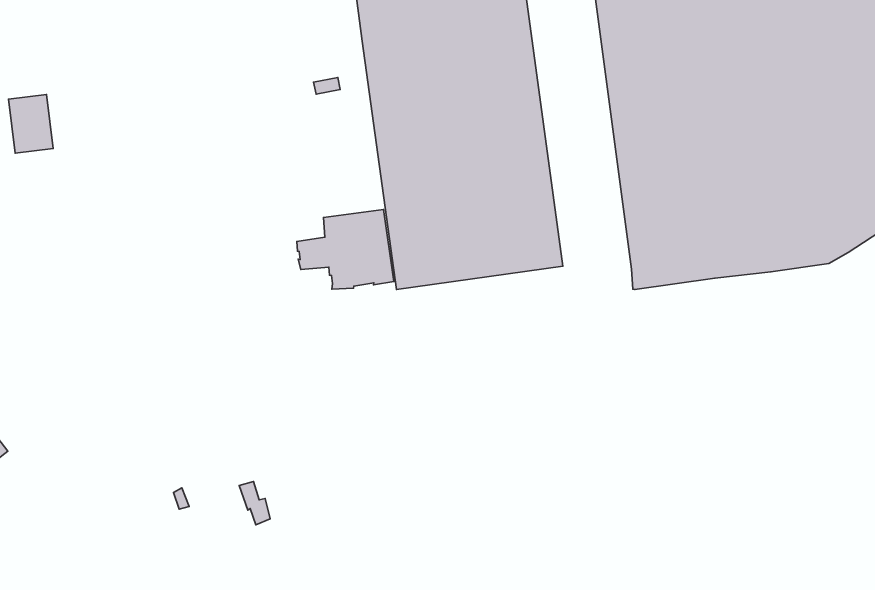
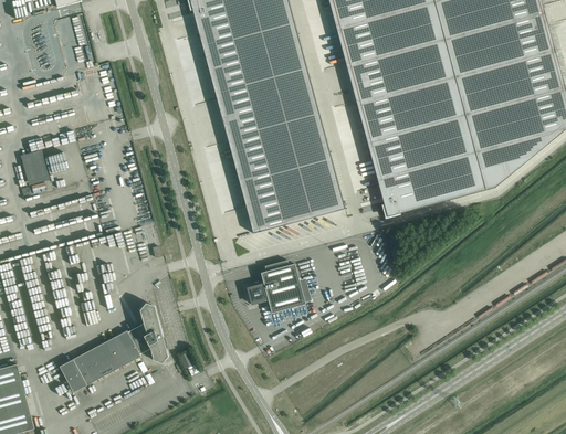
building: [297,209,394,289] -> [248,263,305,311]
building: none -> [60,301,168,391]

